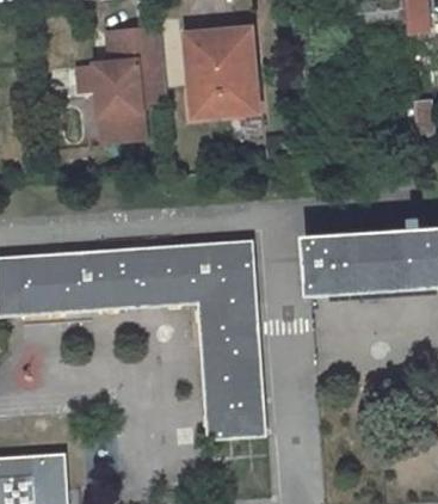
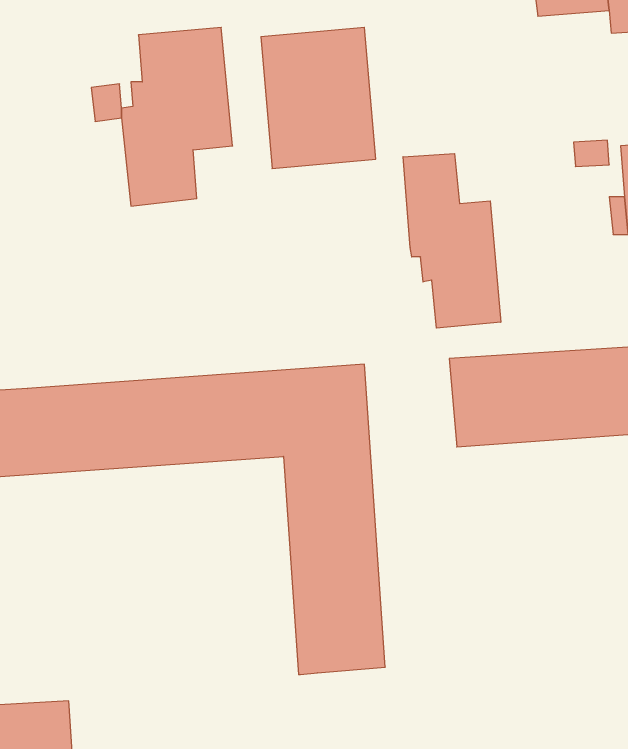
building: none -> [403,154,501,328]

